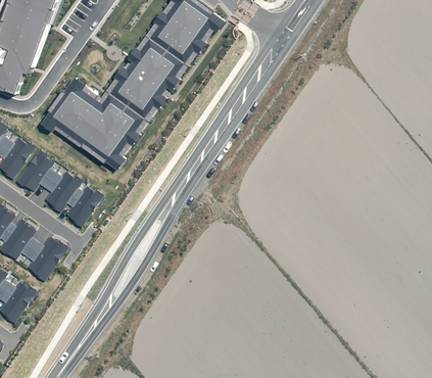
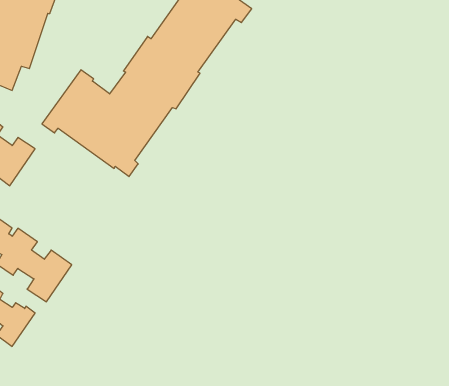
building: [14,146,103,224] -> none

